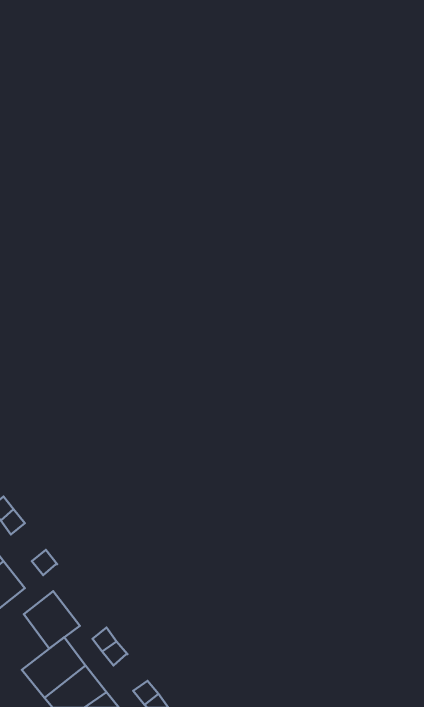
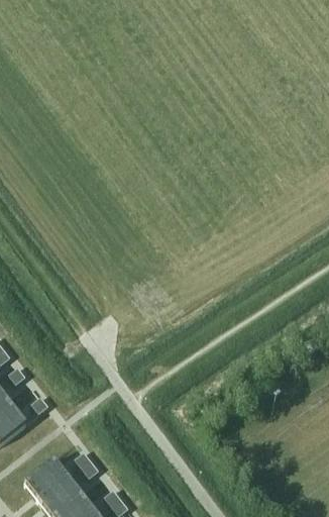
building: [24,591,80,649] -> none

